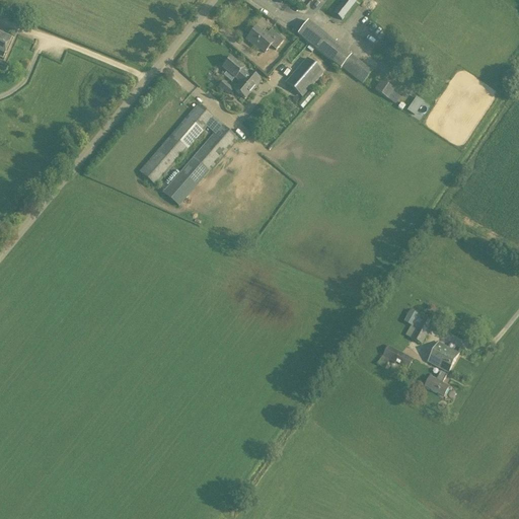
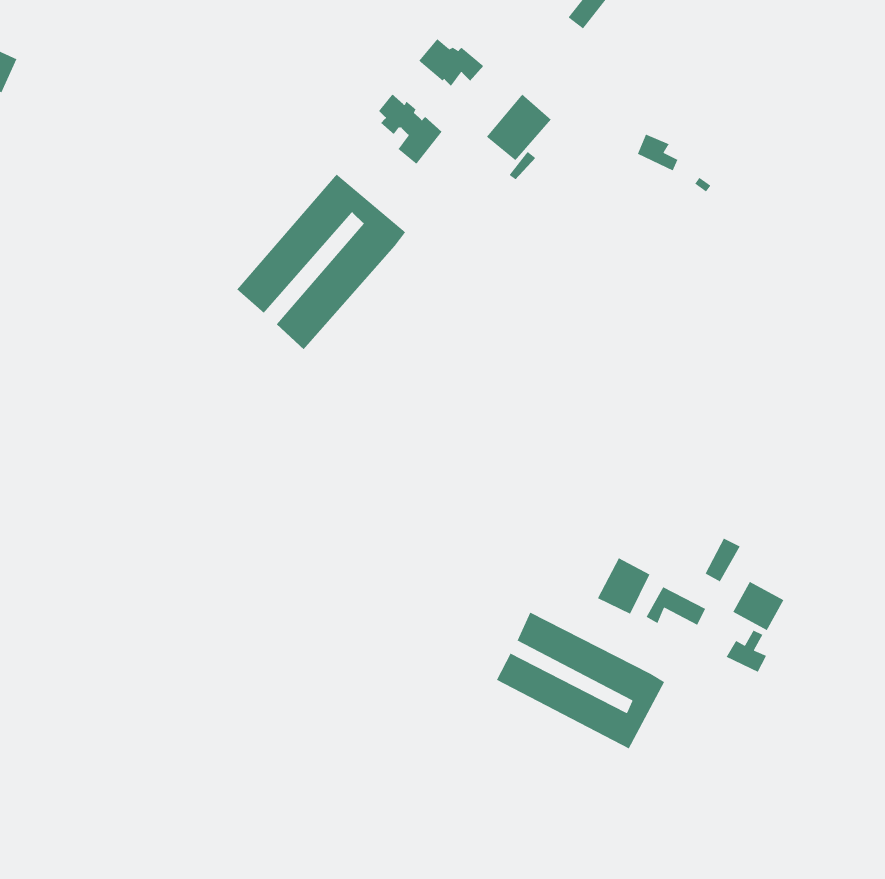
building: [296,18,371,81] -> none
building: none -> [597,557,650,615]
building: none -> [496,612,665,749]

